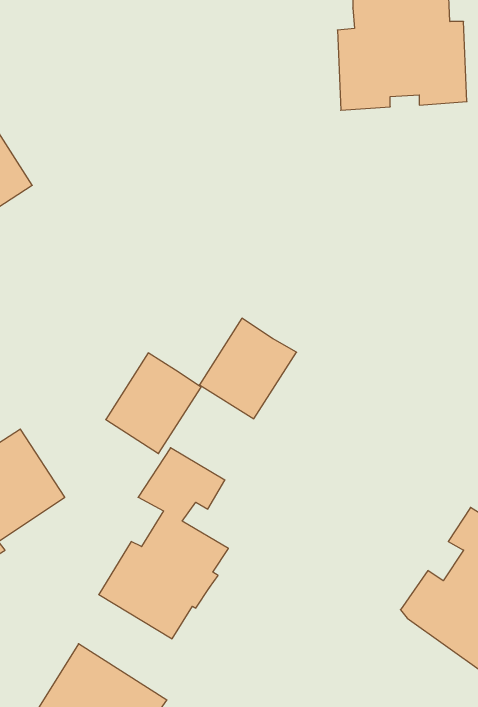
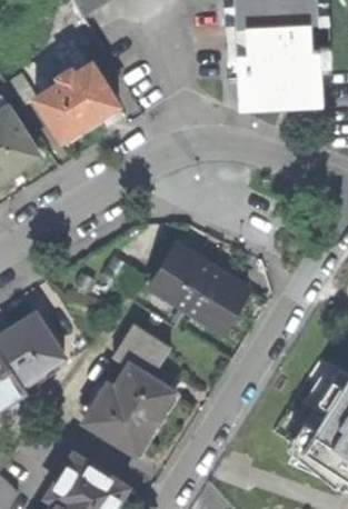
building: none -> [36,64,119,143]
building: [106,353,201,454] -> [183,267,246,332]

